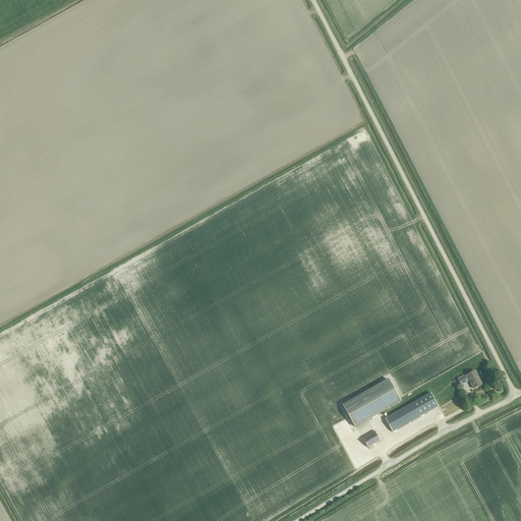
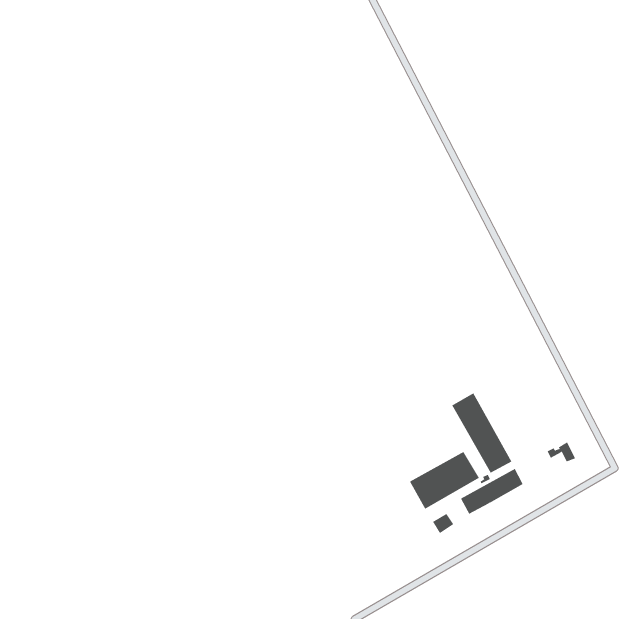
building: none -> [451,392,512,474]

